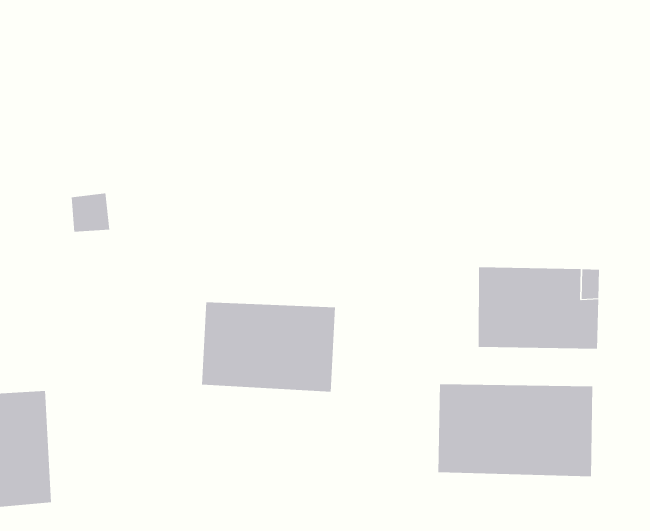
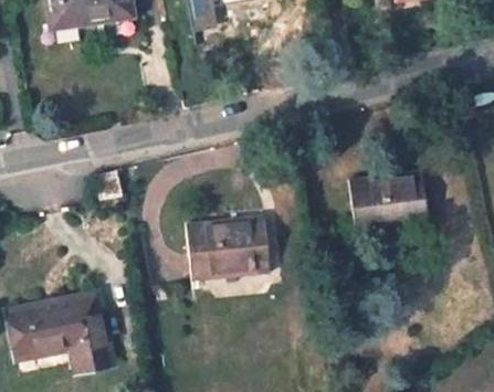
building: [438,384,593,477] -> none

